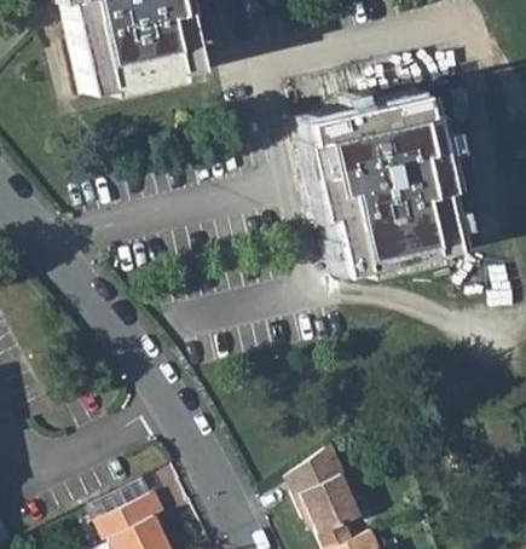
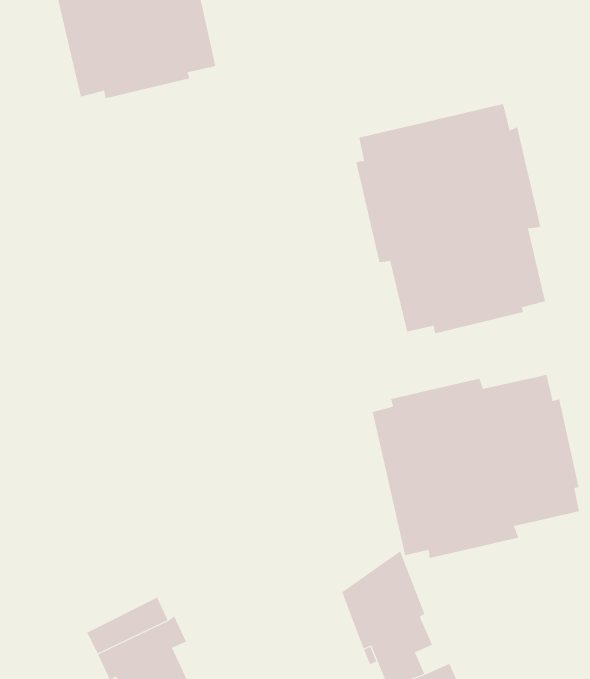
building: none -> [372,374,580,559]

